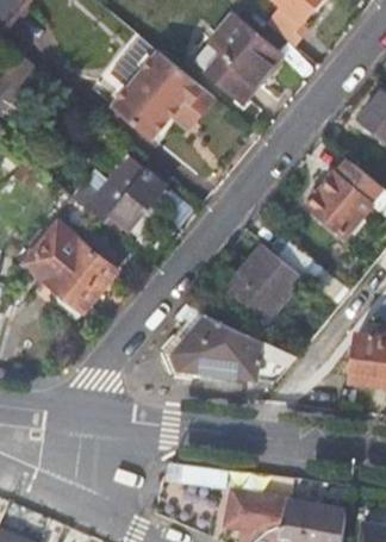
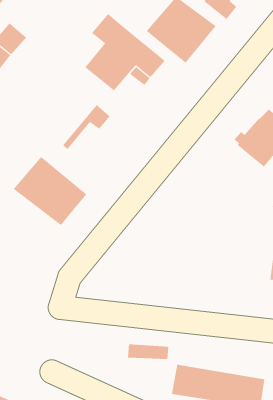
building: [92,170,166,231] -> none
building: [225,243,303,320] -> none
building: [173,312,295,380] -> none

